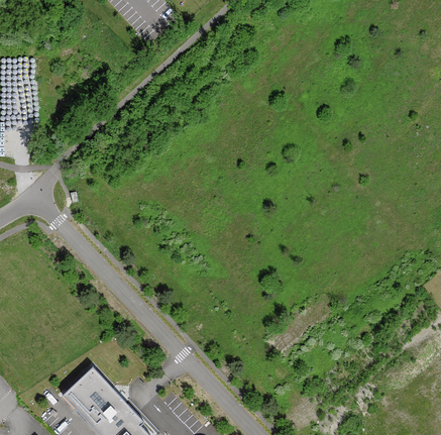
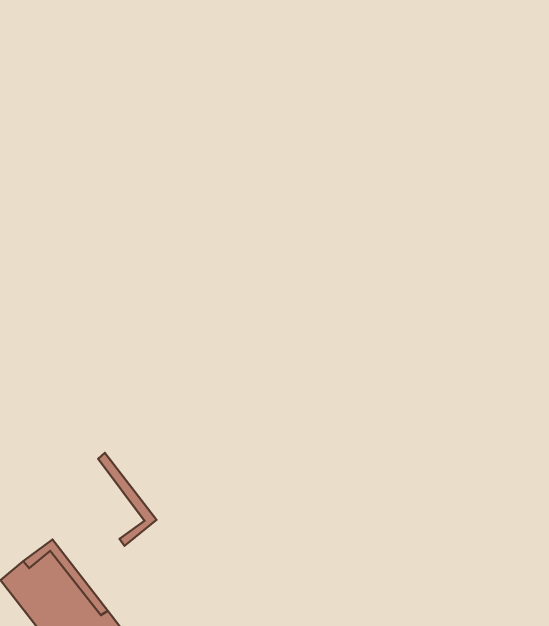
building: none -> [98,453,157,546]

